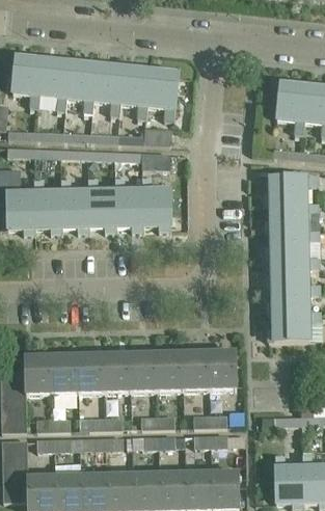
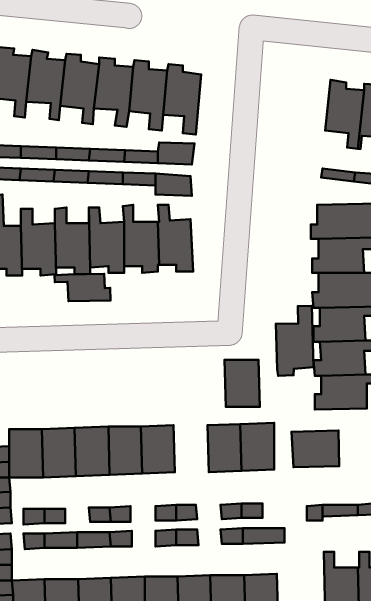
building: none -> [55,274,111,301]
building: none -> [276,306,314,376]
building: [156,352,184,389] -> [225,360,260,407]
building: none -> [292,431,339,467]

